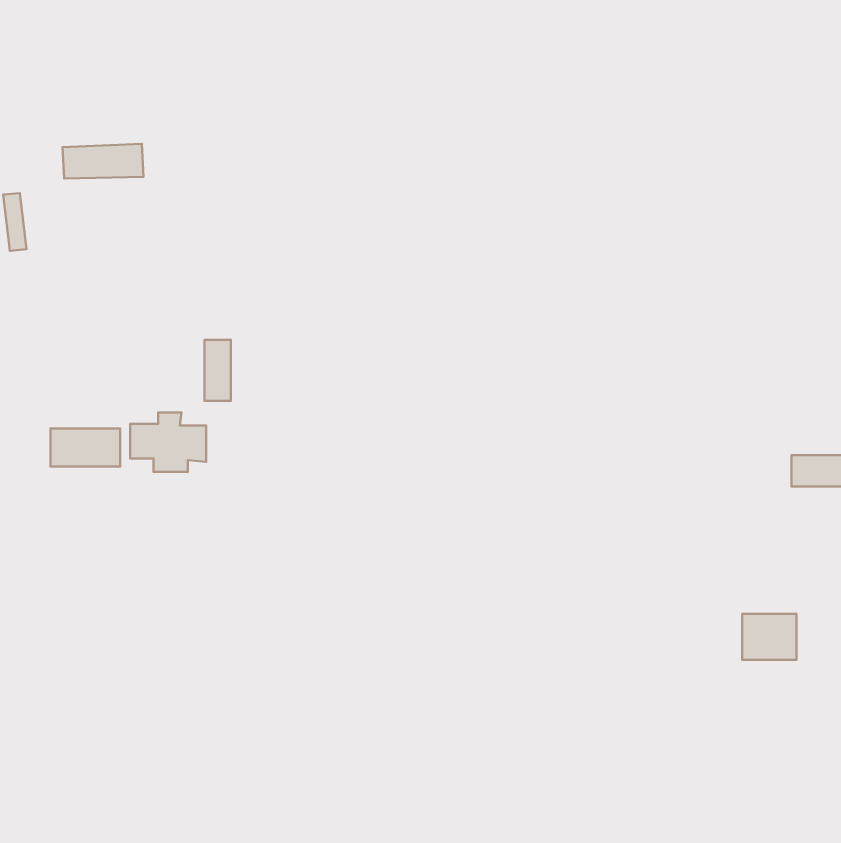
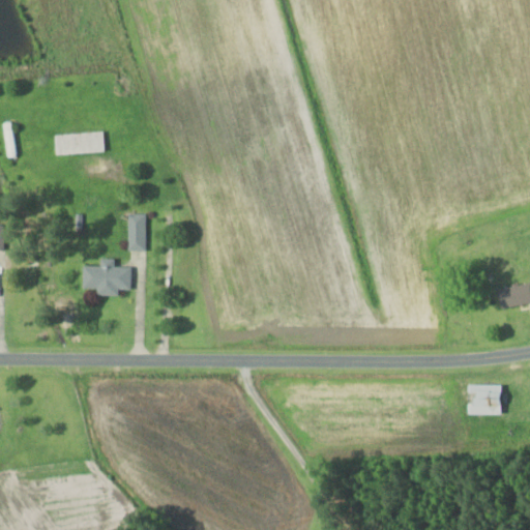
building: [63,144,143,178] -> [54,131,105,153]
building: [50,428,120,467] -> none

